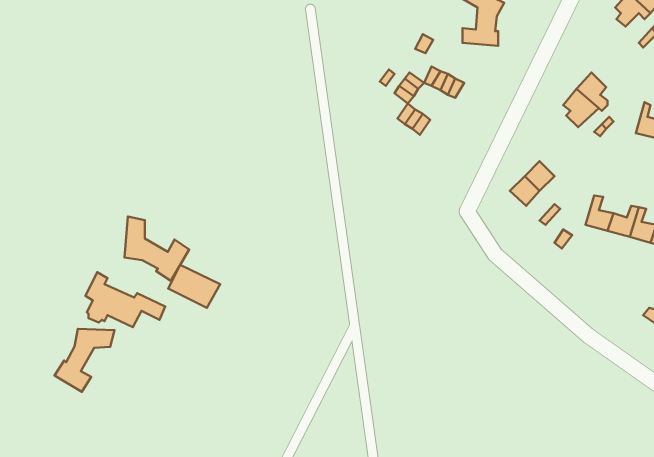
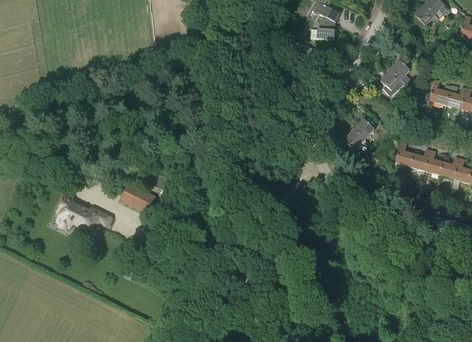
building: [124,216,189,281] -> none
building: [55,329,115,392] -> none

